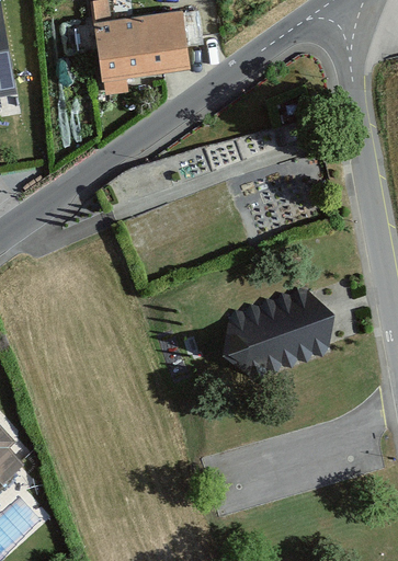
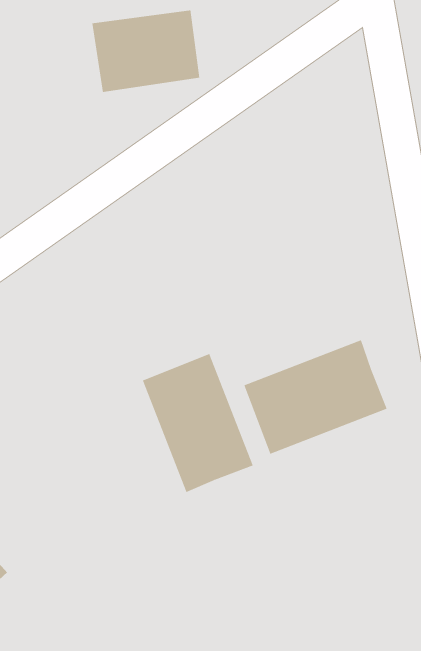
building: none -> [142,353,253,493]

